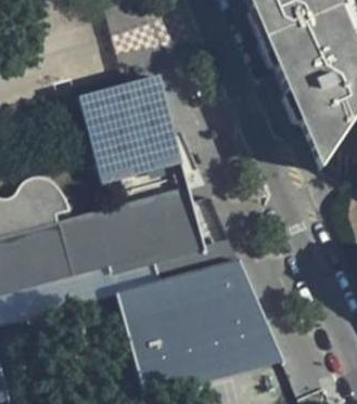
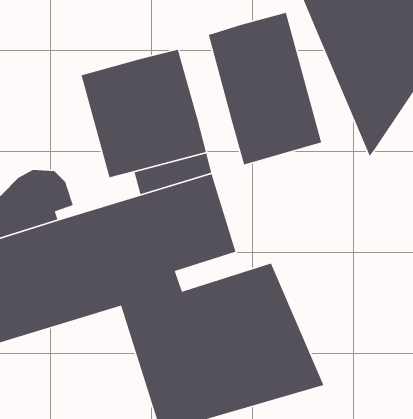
building: none -> [208,12,322,165]

